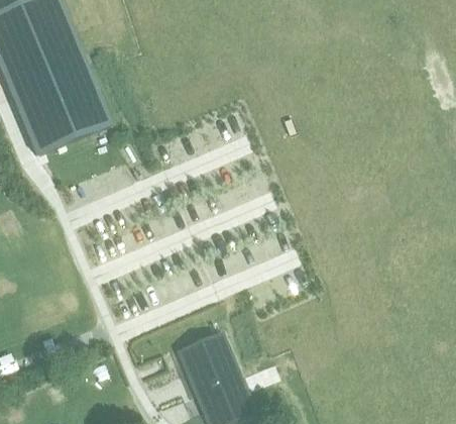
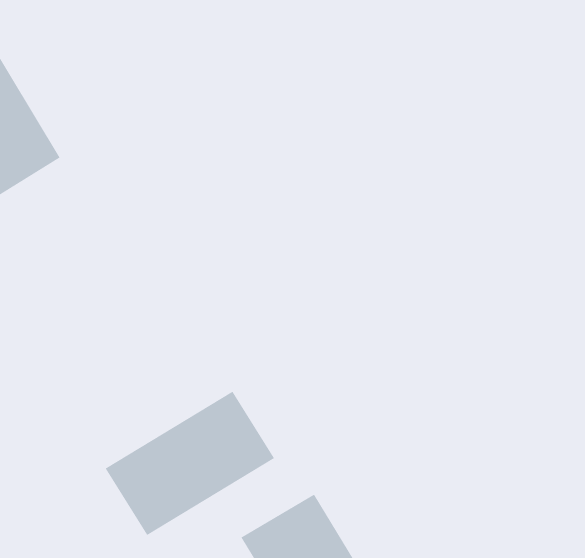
building: none -> [105,391,275,536]

